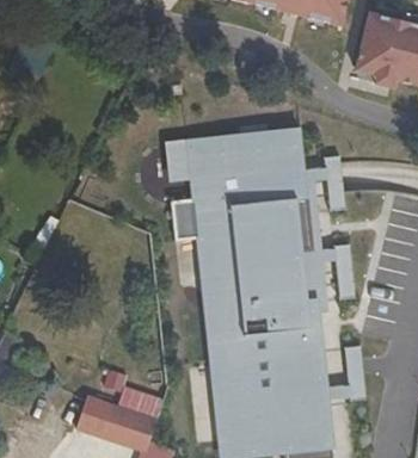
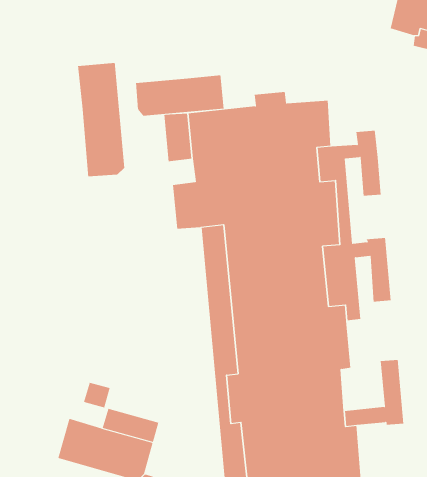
building: none -> [78,62,125,177]
building: none -> [135,74,224,116]

